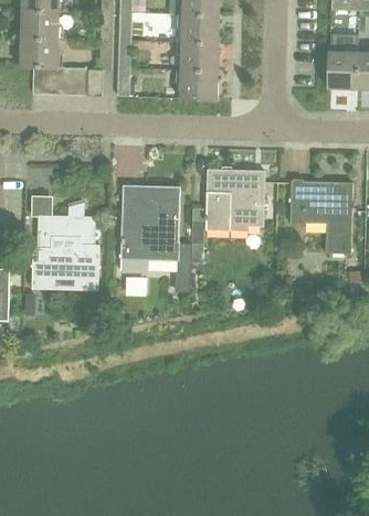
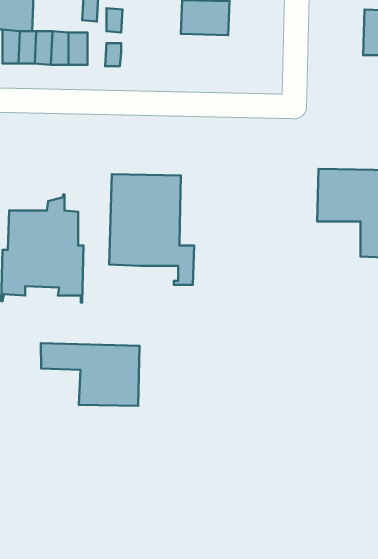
building: [177,71,217,100] -> none
building: [205,170,263,230] -> none
building: none -> [41,343,139,406]

